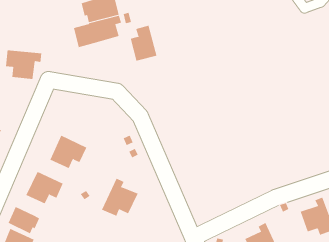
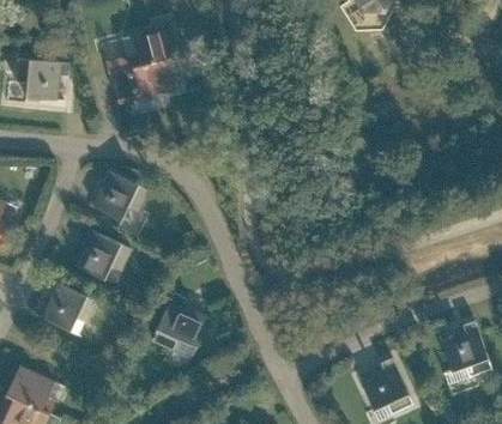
building: [130,25,157,61] -> none
building: [5,50,42,80] -> [16,57,69,101]
building: none -> [93,171,149,219]
building: [8,206,40,234] -> none

